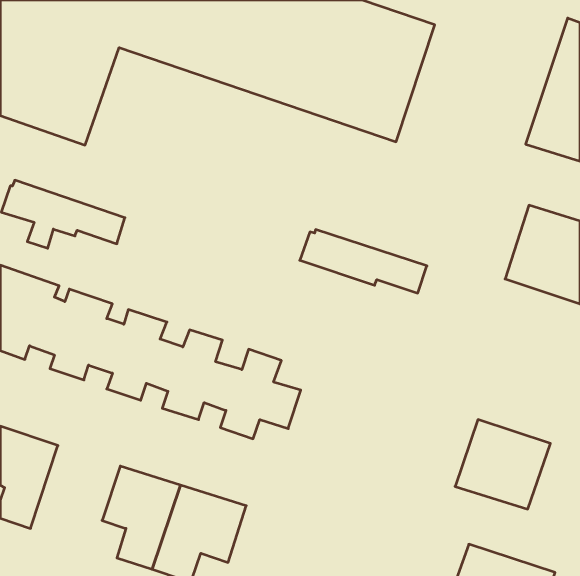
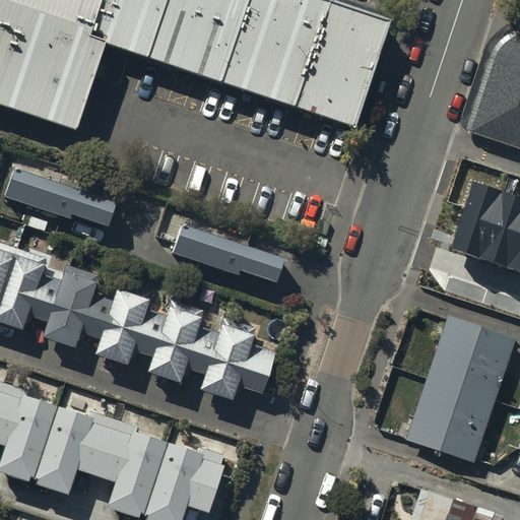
building: [300,230,427,293] -> [168,222,281,279]
building: none -> [428,320,512,400]
building: none -> [27,402,108,489]

